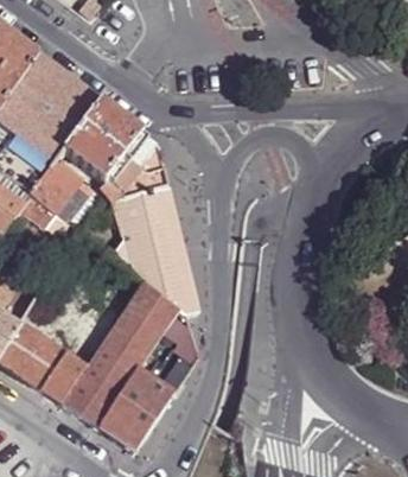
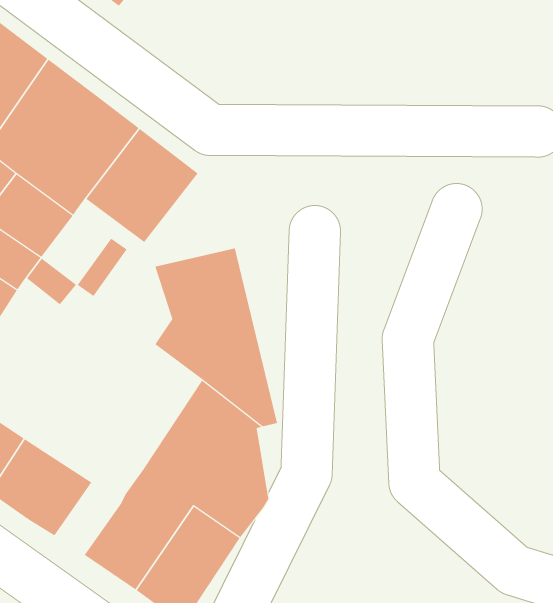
building: [101,132,168,197] -> none
building: [32,158,81,210] -> none
building: [42,349,88,400] -> none

